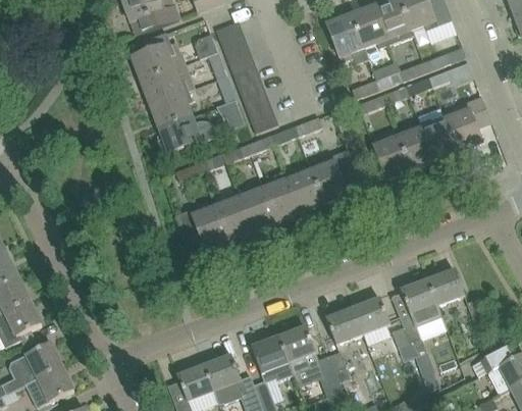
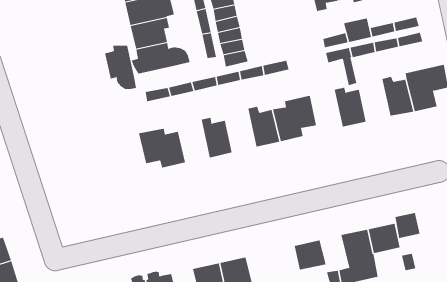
building: [398,121,433,168] -> none
building: none -> [105,45,137,90]
building: [263,172,299,220] -> none
building: [216,191,252,238] -> none
building: none -> [395,212,420,239]
building: [325,308,362,344] -> none

